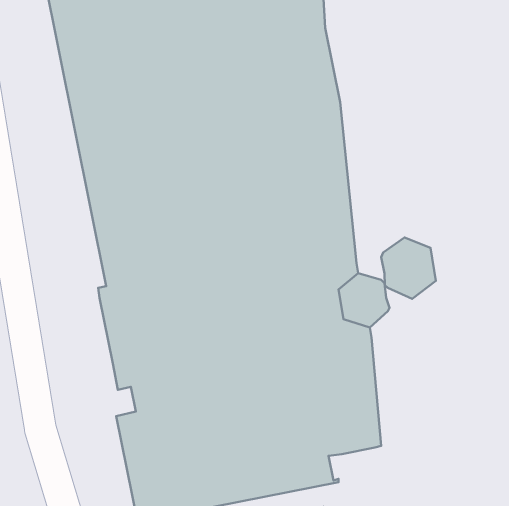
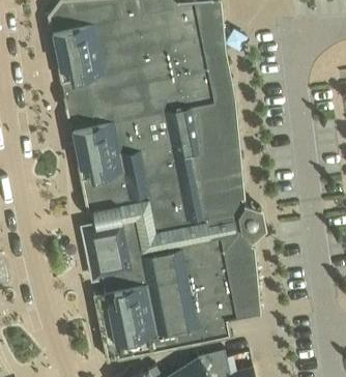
building: [381,237,436,299] -> none

